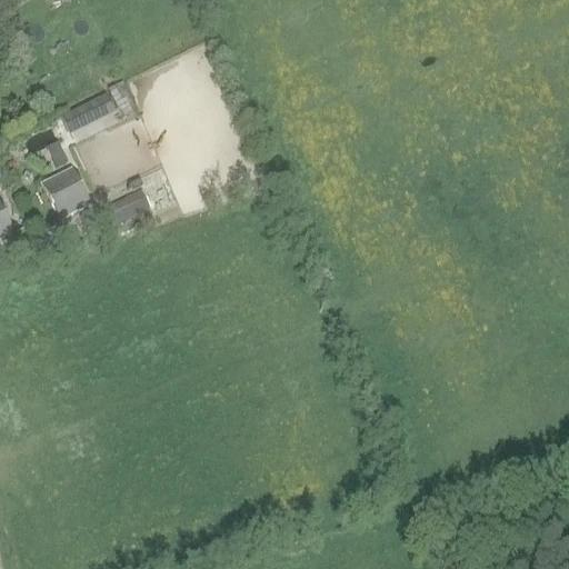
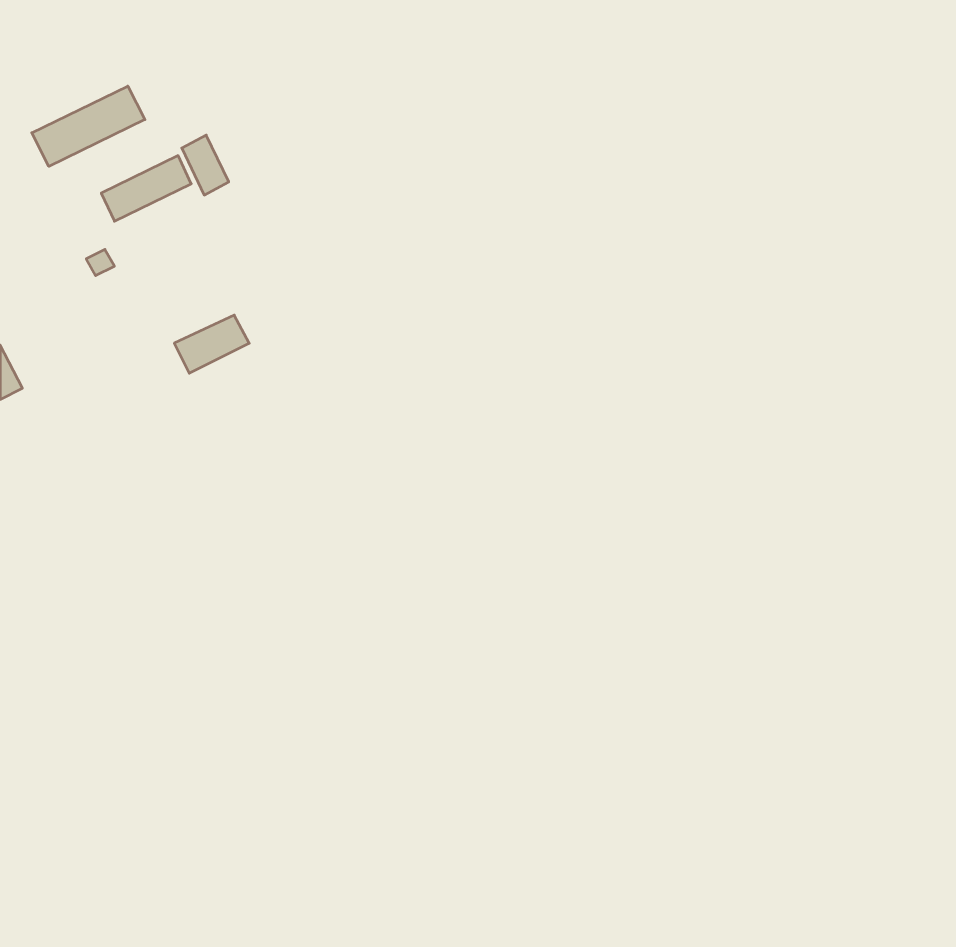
building: none -> [32,86,145,166]
building: [43,167,90,217] -> none

